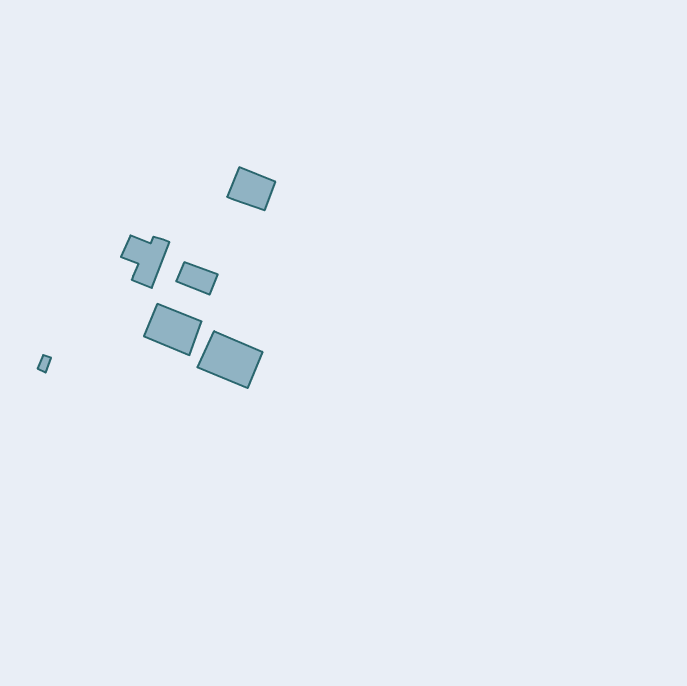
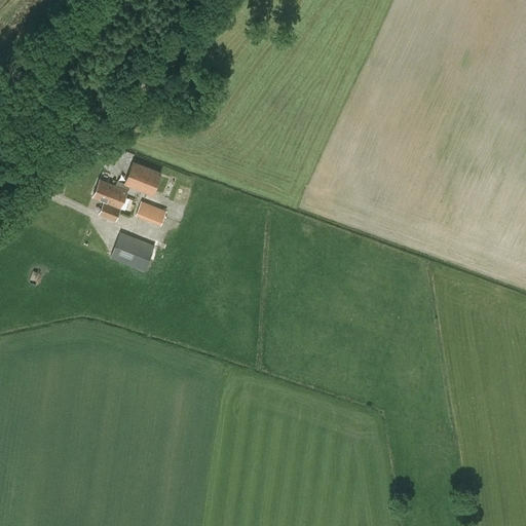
building: [227,167,275,210] -> [124,161,161,194]
building: [197,331,262,388] -> none

